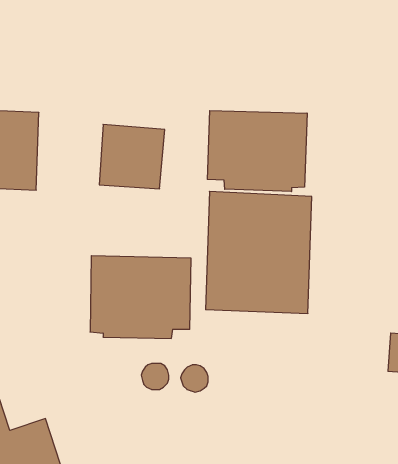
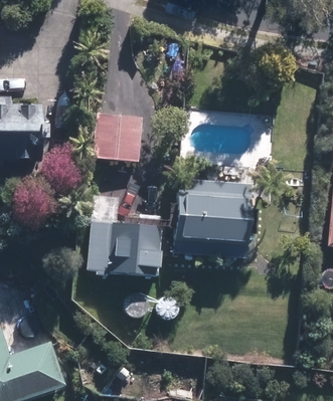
building: [207,111,307,192] -> none

